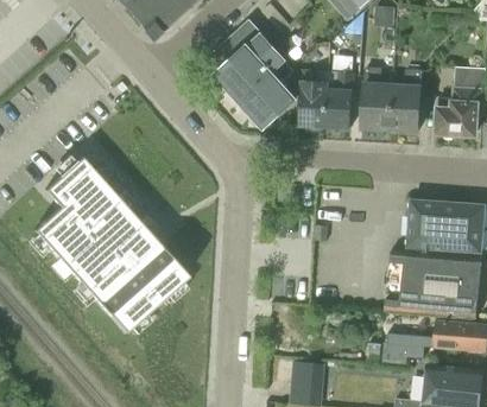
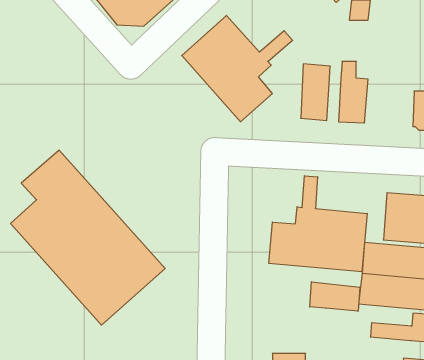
building: [298,69,327,125] -> none
building: [388,70,422,132] -> none
building: none -> [269,176,367,272]
building: none -> [310,282,360,311]

